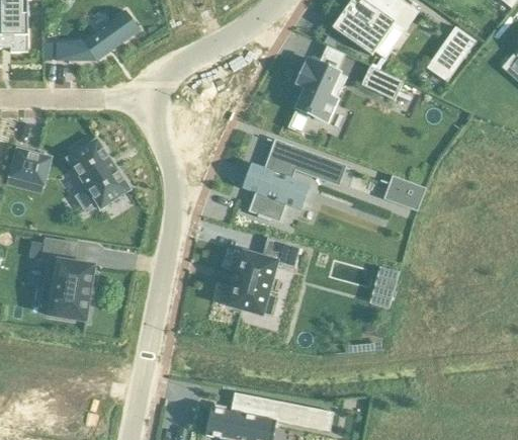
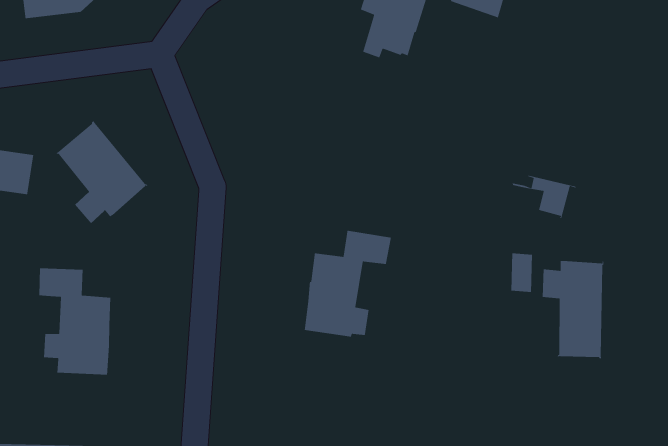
building: [240,142,347,222] -> none
building: [378,175,424,209] -> [512,175,577,219]
building: none -> [542,260,604,359]

